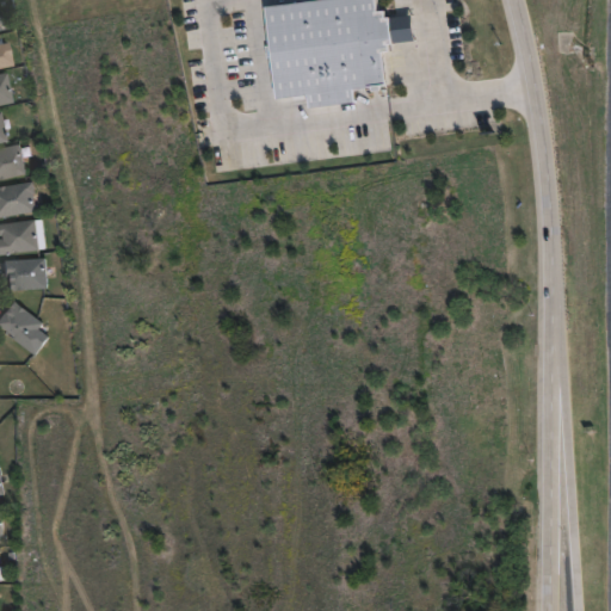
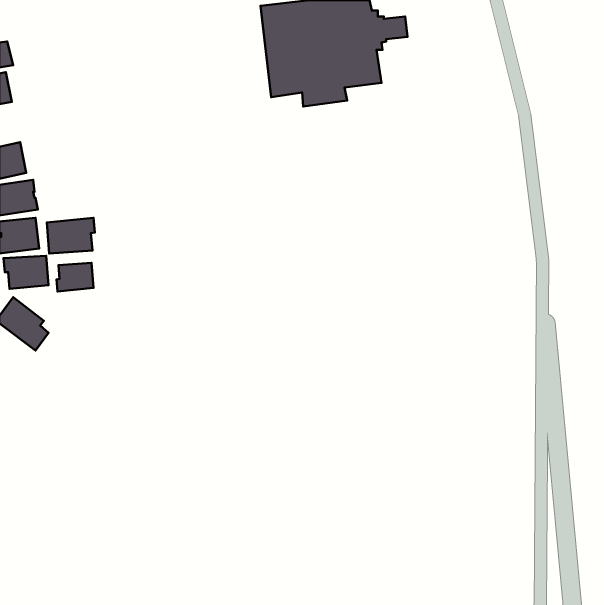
building: none -> [47,218,95,254]
building: none -> [57,263,93,291]

